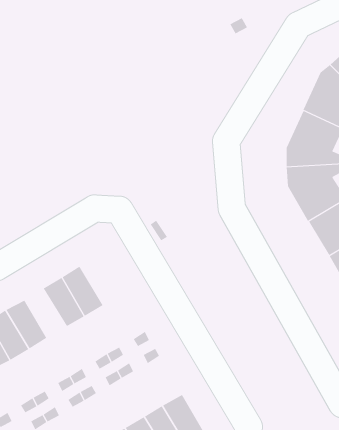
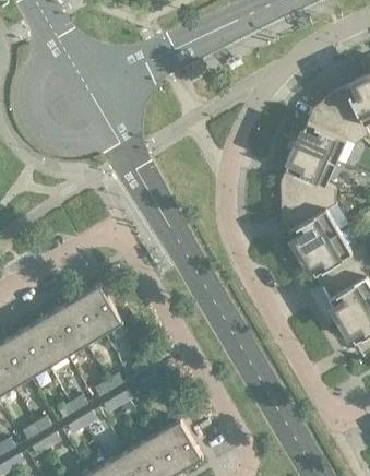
building: none -> [81,285,122,334]
building: none -> [27,318,68,366]

